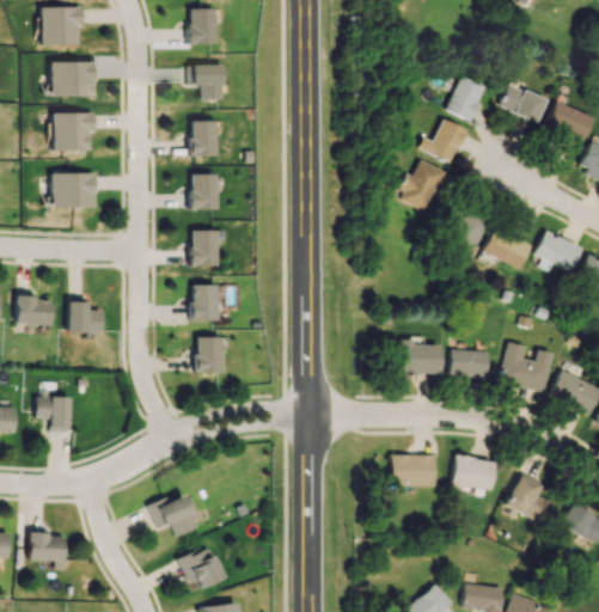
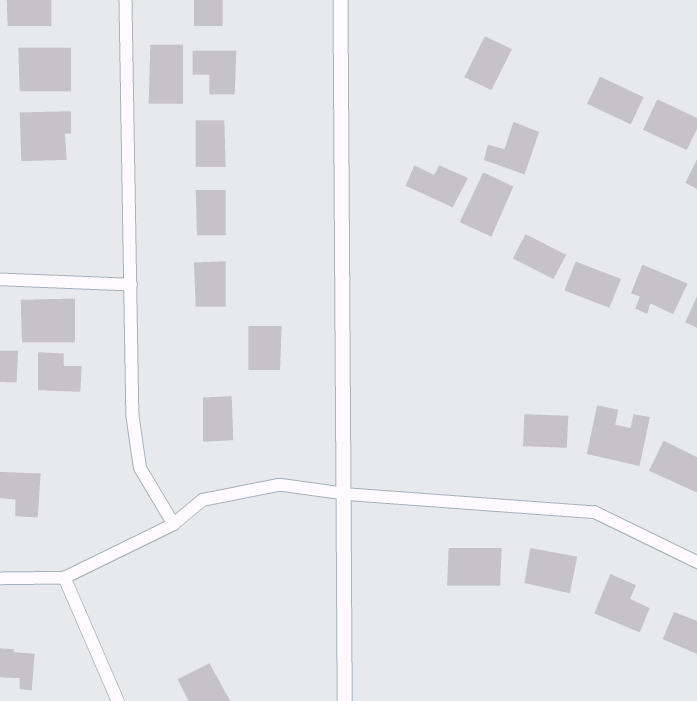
building: none -> [148,44,184,104]
building: [448,76,488,121] -> [463,35,513,91]
building: none -> [405,164,469,208]
building: [53,173,97,209] -> [20,298,76,343]
building: [191,284,219,320] -> [248,325,283,371]
building: [402,337,442,375] -> none
building: [151,492,198,544] -> none

